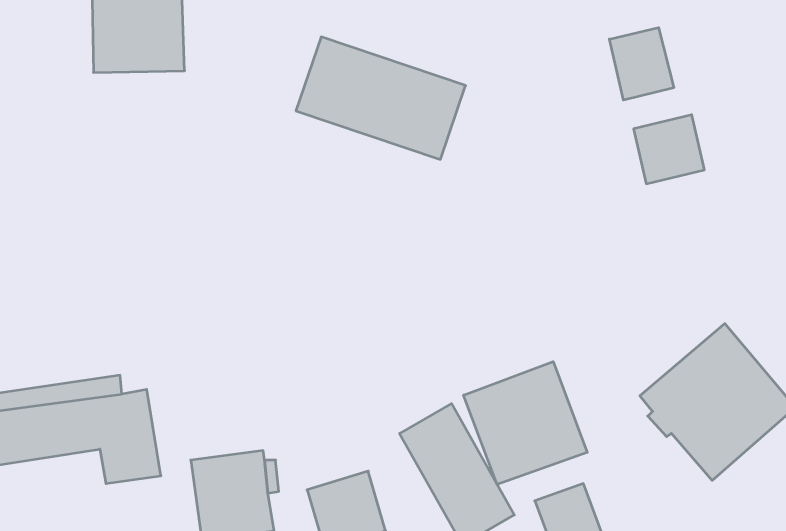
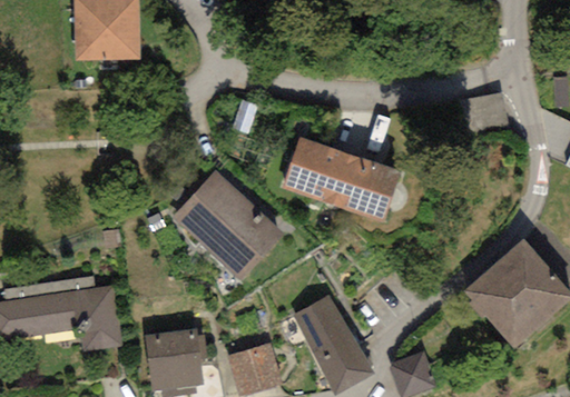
building: [609,28,674,100] -> none
building: [296,37,466,159] -> [282,137,402,224]
building: none -> [173,170,286,281]
building: [464,362,587,484] -> none

